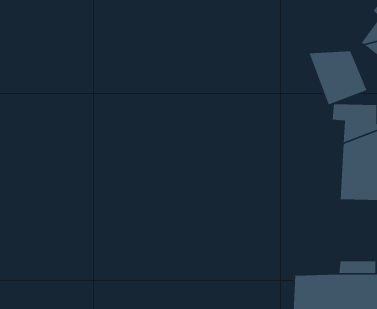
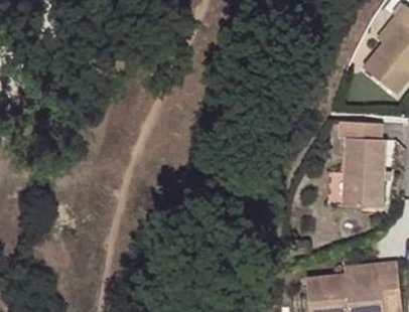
building: [308,50,368,105] -> none

